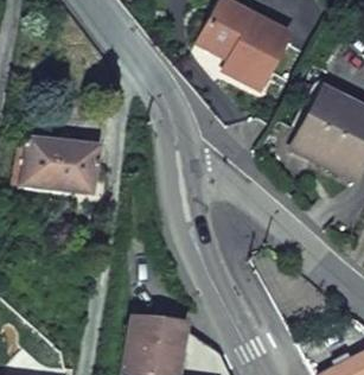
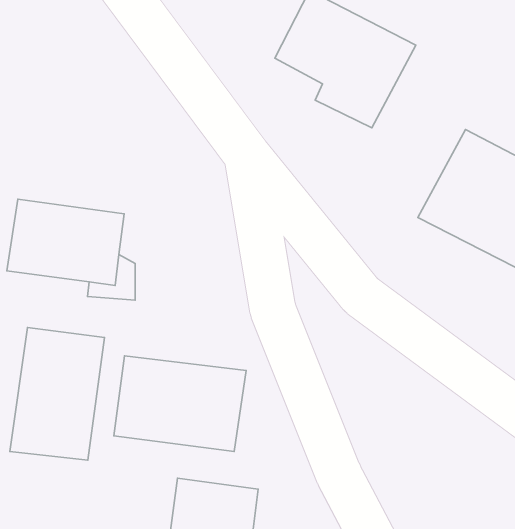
building: none -> [10,327,105,460]
building: none -> [114,356,246,452]

